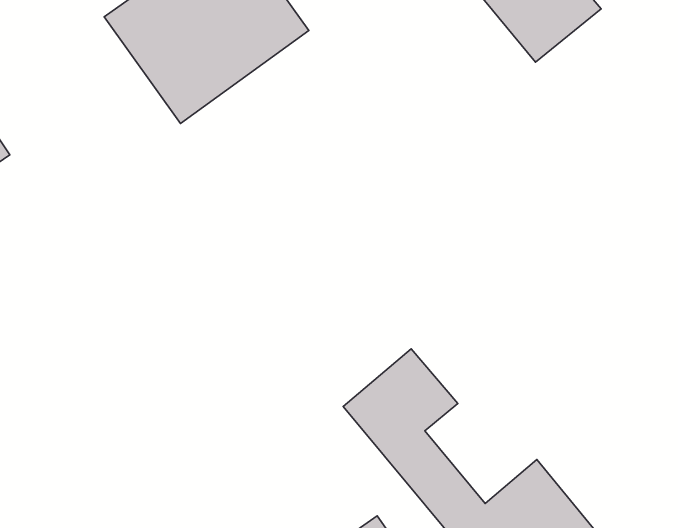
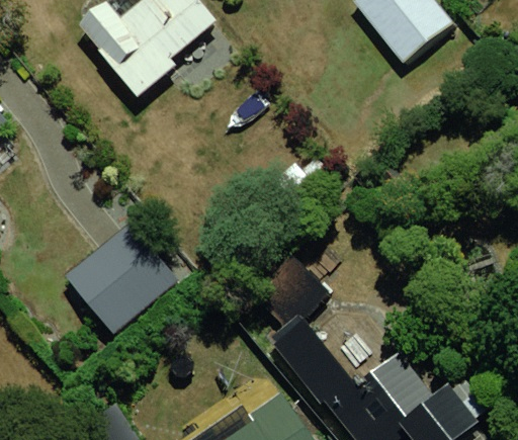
building: none -> [54,218,169,334]

